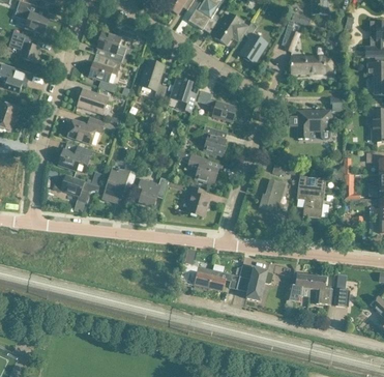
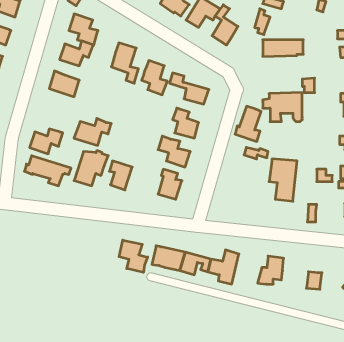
building: [67,116,105,143] -> [74,118,111,145]
building: [260,178,286,213] -> [235,106,261,141]
building: none -> [119,240,148,272]
building: [311,274,332,303] -> none

